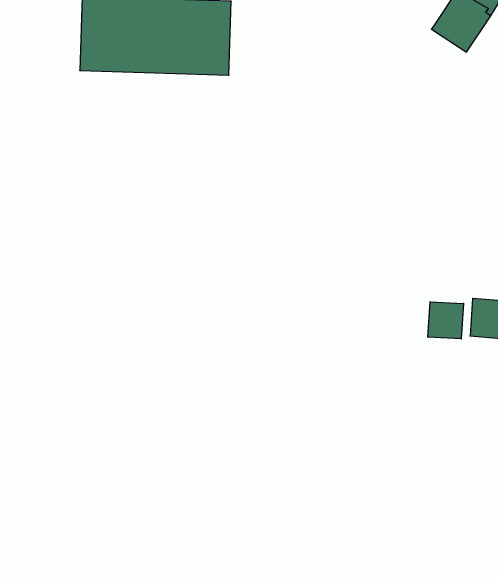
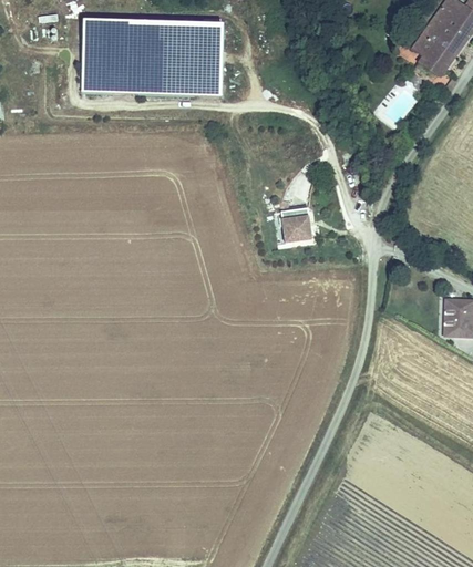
building: none -> [282,205,312,240]
building: [428,302,464,339] -> none

